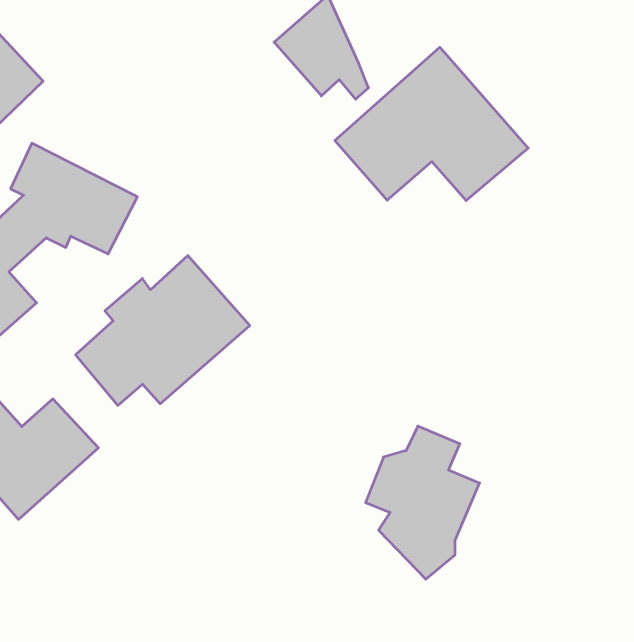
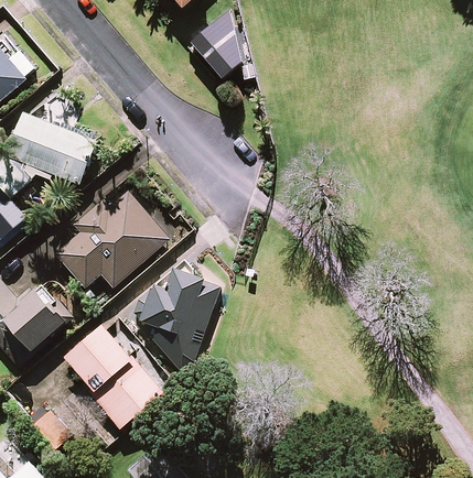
building: [335,47,528,201] -> none
building: [366,426,480,579] -> [139,268,216,371]
building: none -> [64,325,164,427]

